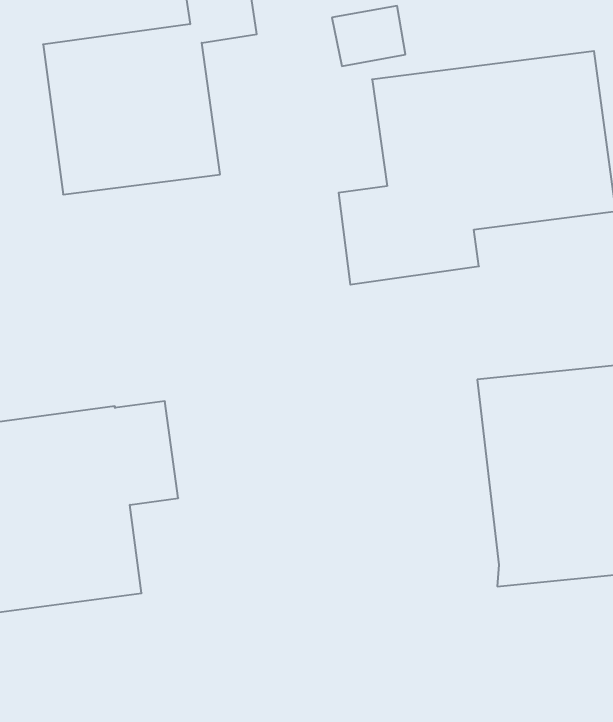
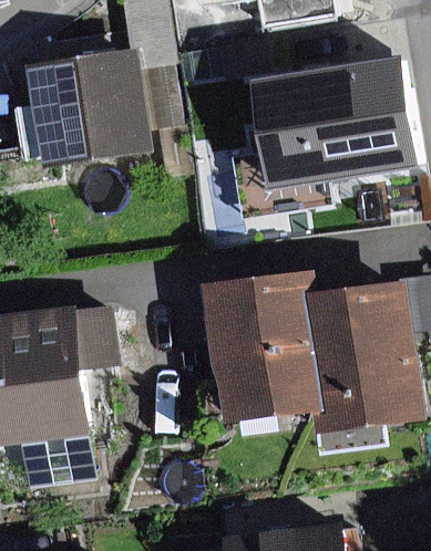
building: none -> [215,269,336,422]

